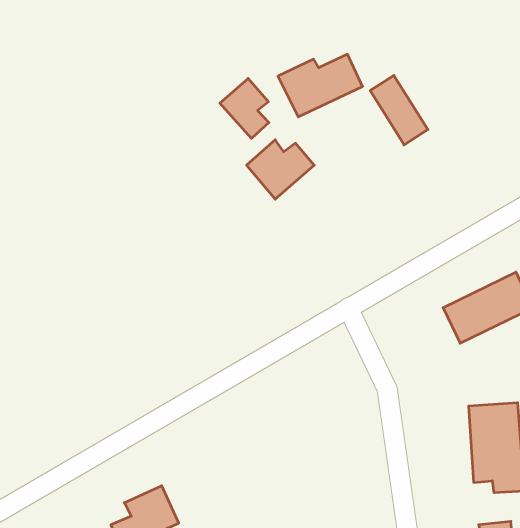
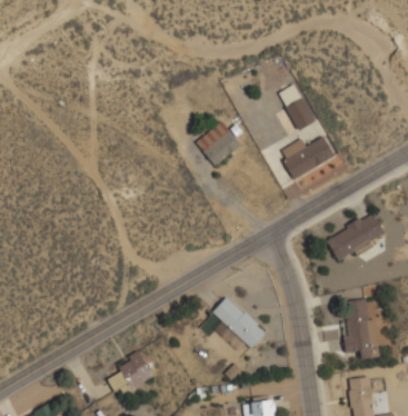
building: [278,54,363,117] -> [279,137,335,178]
building: [220,78,269,138] -> none
building: none -> [212,295,267,349]

